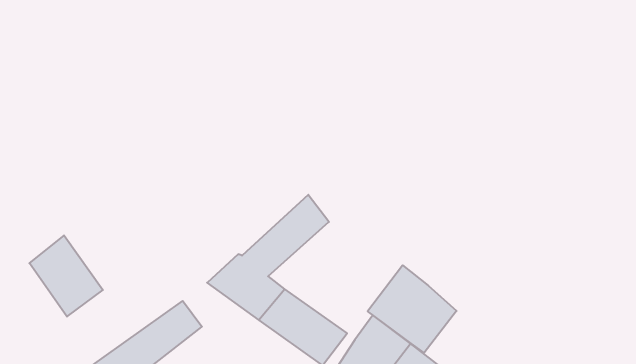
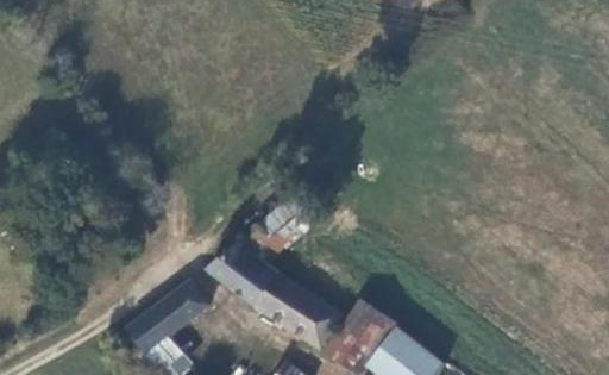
building: [29,235,103,317] -> none
building: [368,265,457,353] -> none

